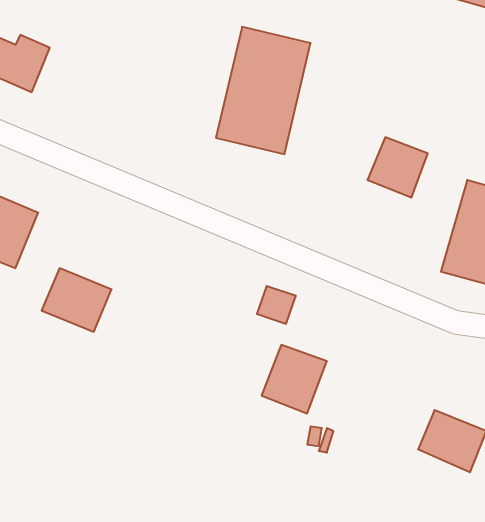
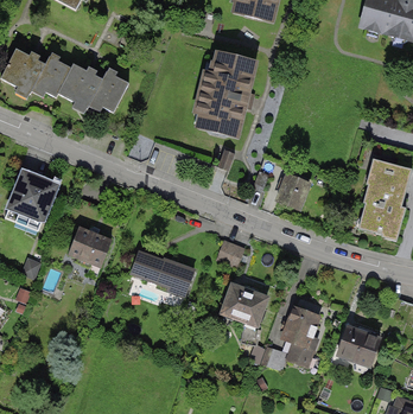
building: none -> [53,64,125,114]
building: [367,137,428,198] -> [271,168,314,212]
building: none -> [122,249,192,301]
building: none -> [279,308,325,359]

